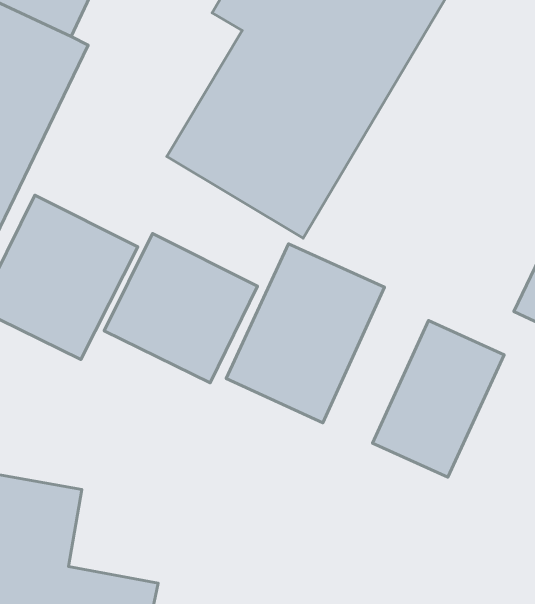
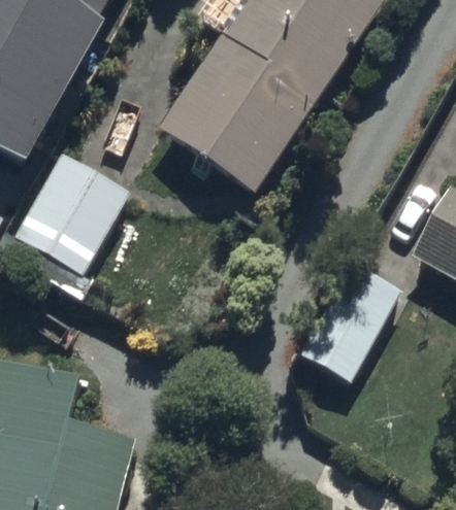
building: [104,233,258,383] -> none
building: [226,244,385,423] -> none

